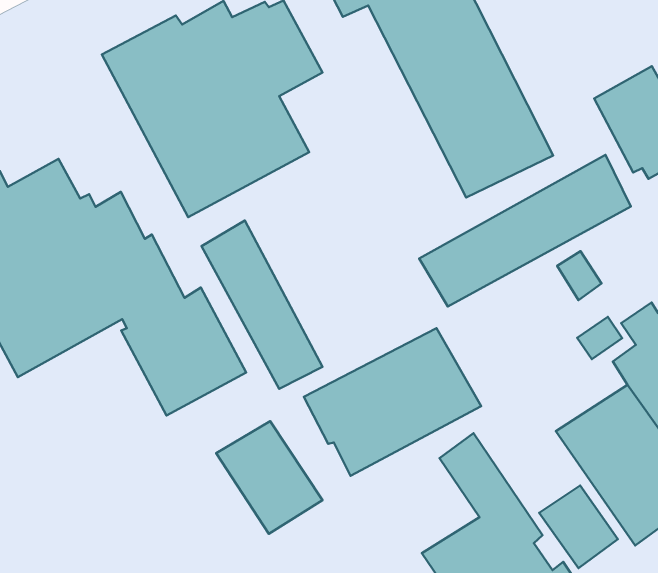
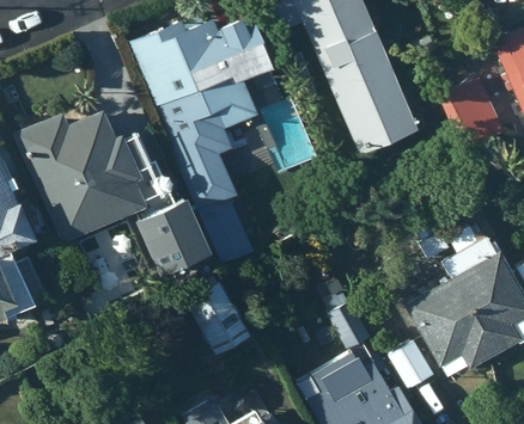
building: [419,155,631,307] -> none
building: [304,328,481,476] -> none

